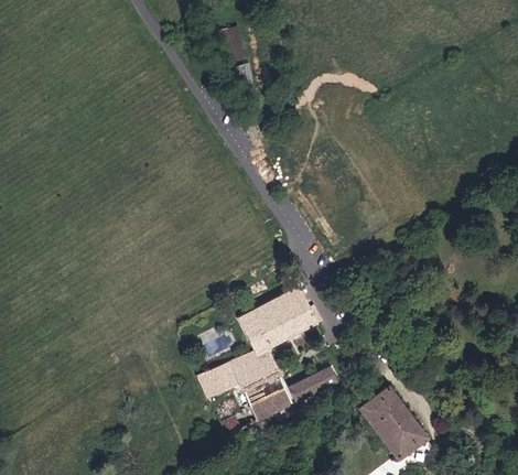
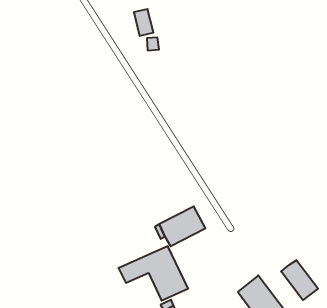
building: none -> [281,260,318,300]
building: [289,367,336,401] -> none

